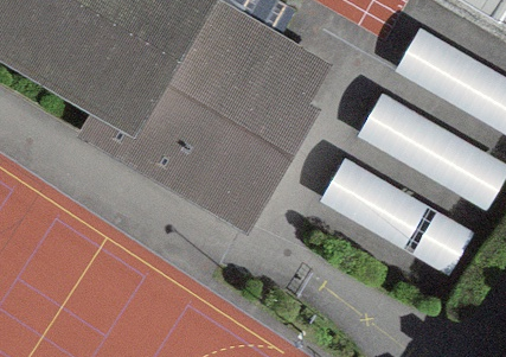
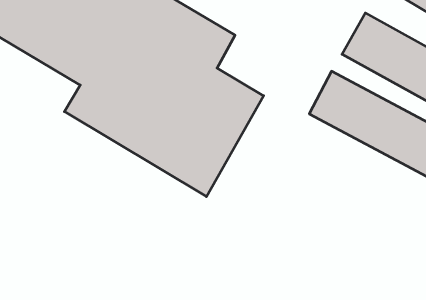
building: [324,155,478,269] -> none

